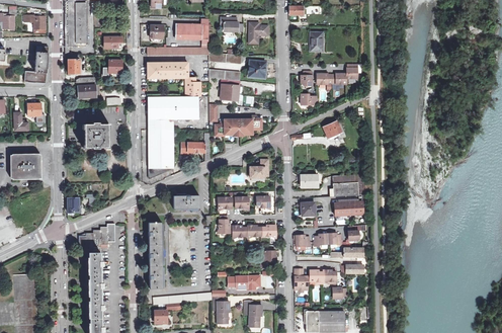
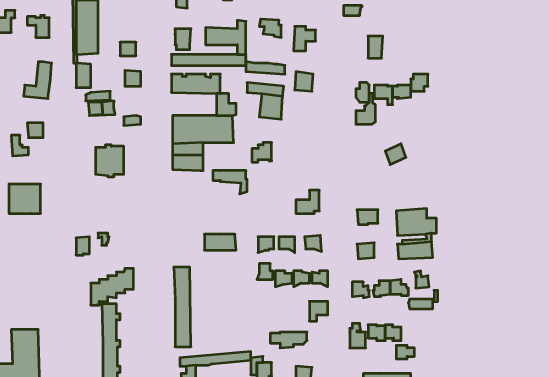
building: [230,115,260,135] -> none
building: [147,142,173,179] -> none

